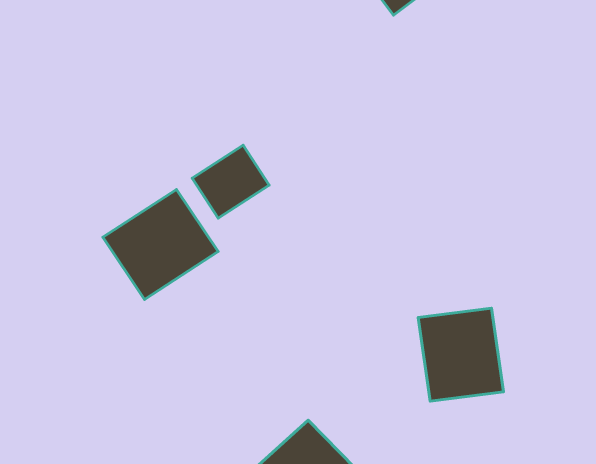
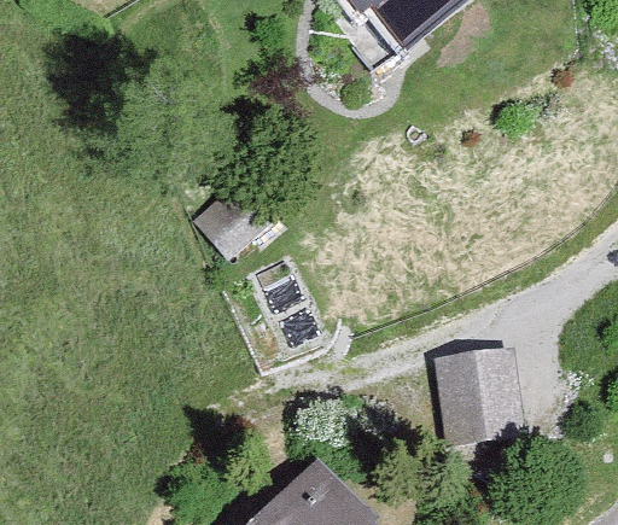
building: [103,189,218,299] -> none

